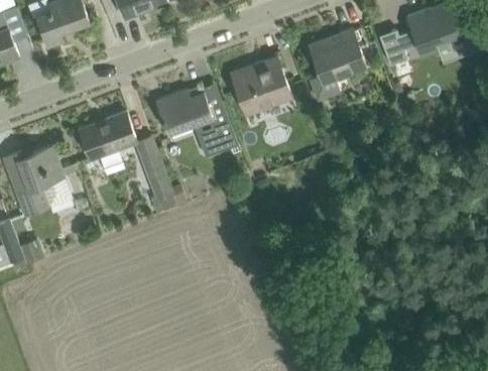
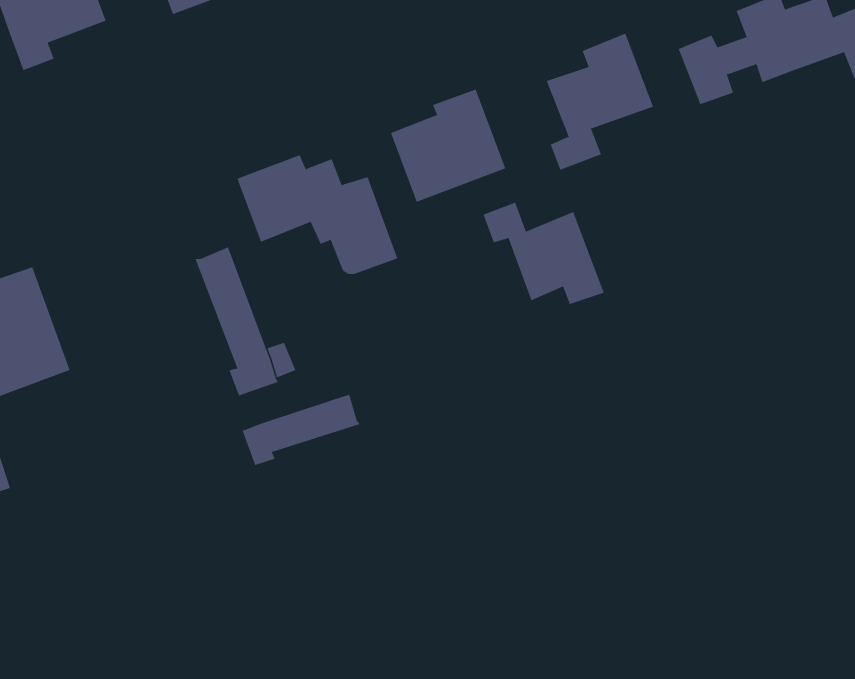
building: [78,112,136,159] -> none
building: none -> [483,202,604,305]
building: none -> [242,394,360,466]

